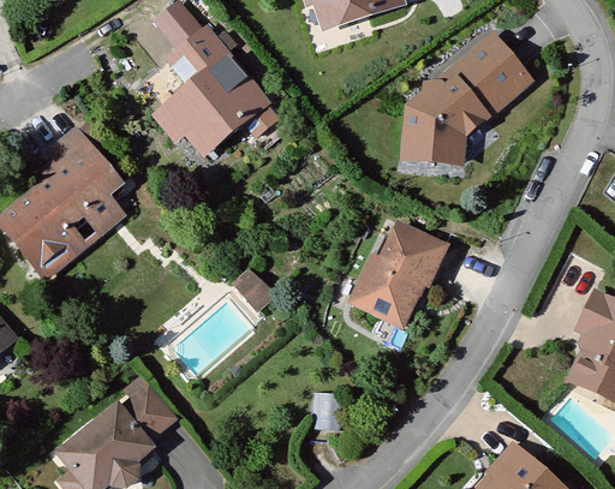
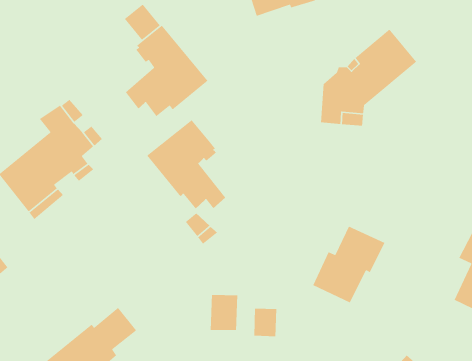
building: none -> [146,119,226,210]
building: [352,226,444,324] -> [312,225,385,304]
building: none -> [210,294,238,331]

